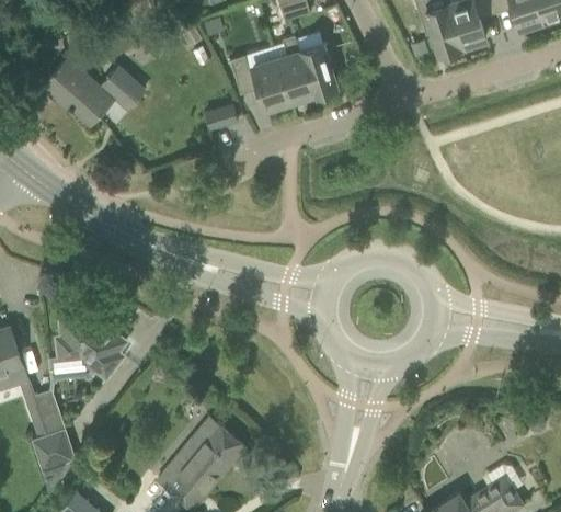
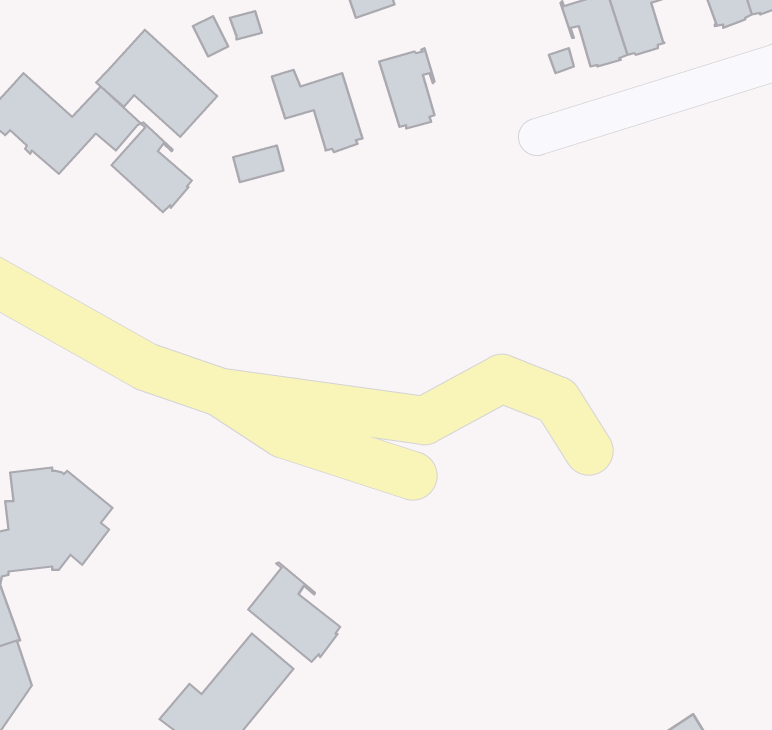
building: none -> [96,30,217,137]
building: [276,36,313,101] -> none
building: none -> [112,123,192,212]
building: none -> [248,562,340,662]

